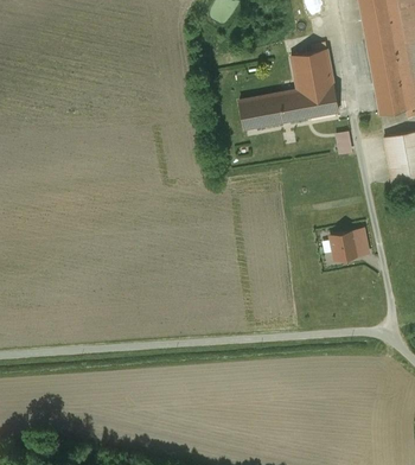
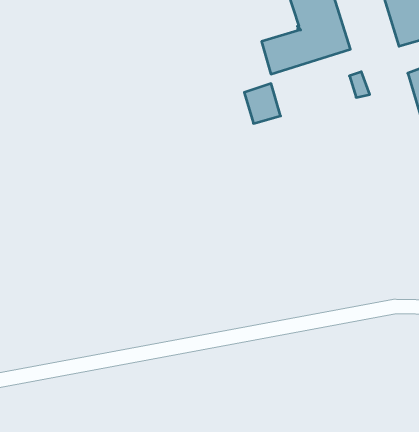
building: [241,97,269,129] -> [244,84,281,123]
building: [332,232,359,260] -> none

